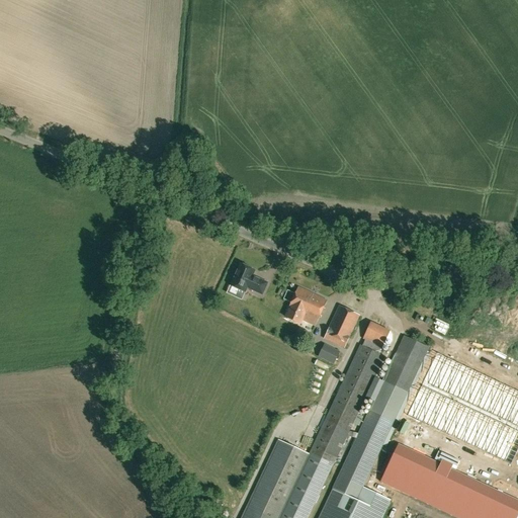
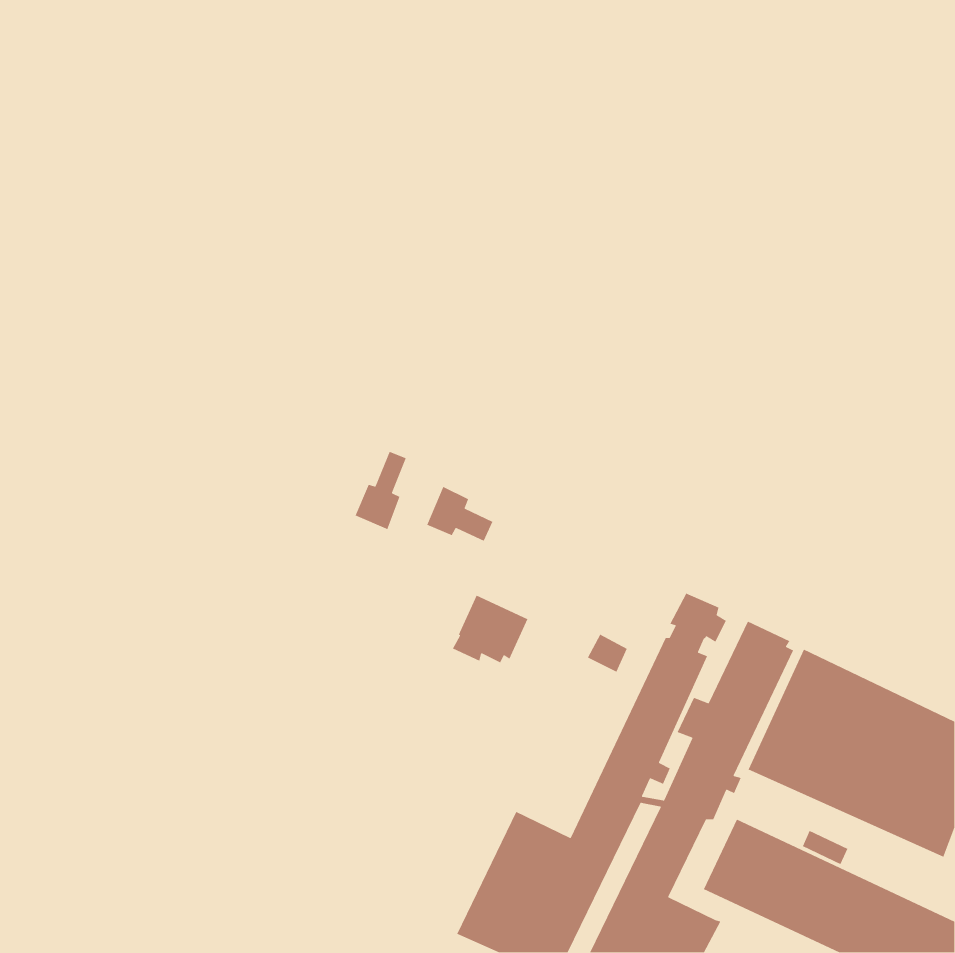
building: none -> [354,451,407,530]
building: [285,286,327,324] -> [452,595,528,664]
building: [323,306,359,349] -> none

